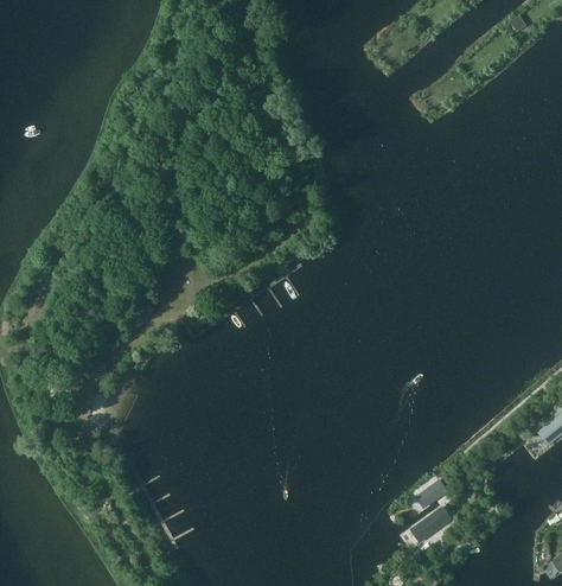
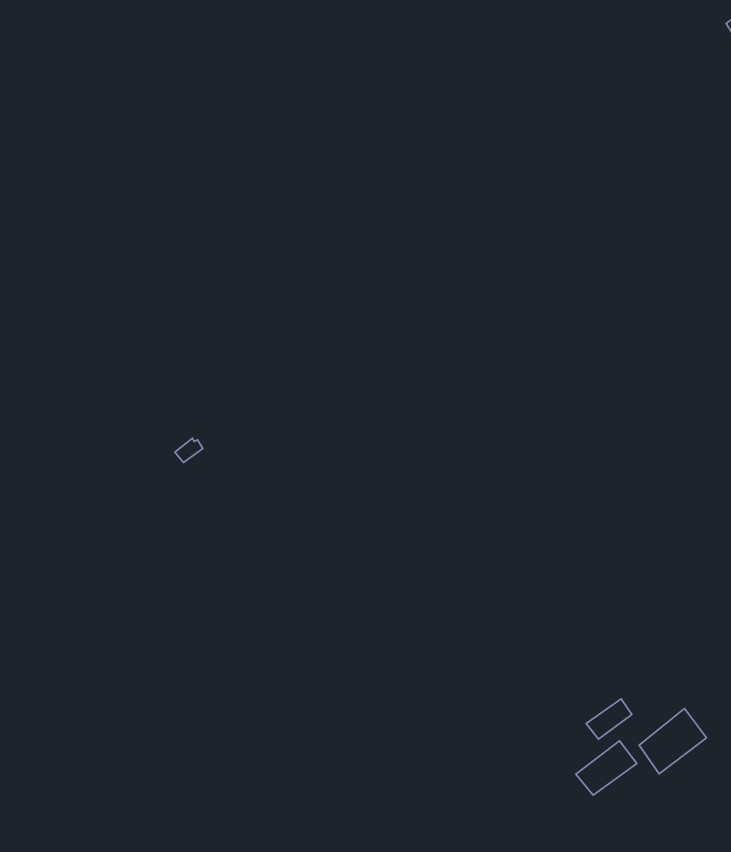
building: none -> [639,708,706,774]

